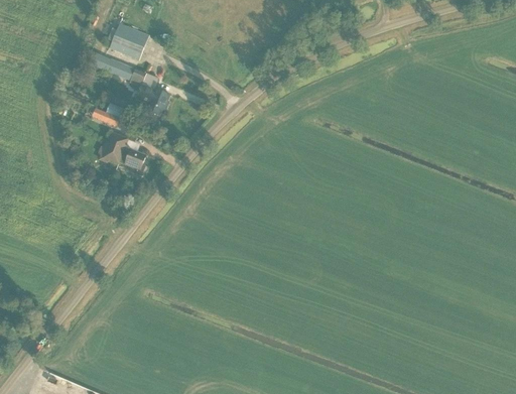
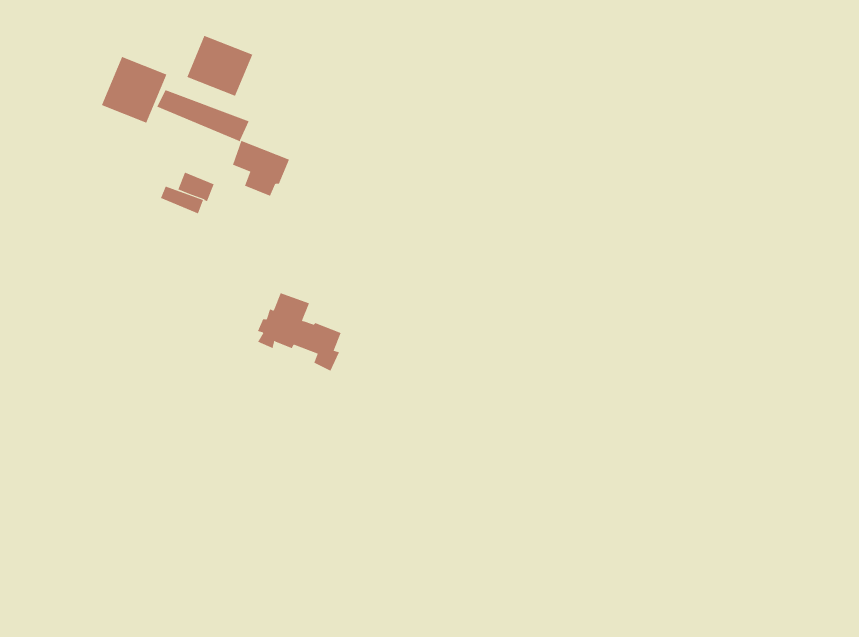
building: none -> [101,56,167,123]
building: [98,133,146,178] -> [257,293,341,372]

